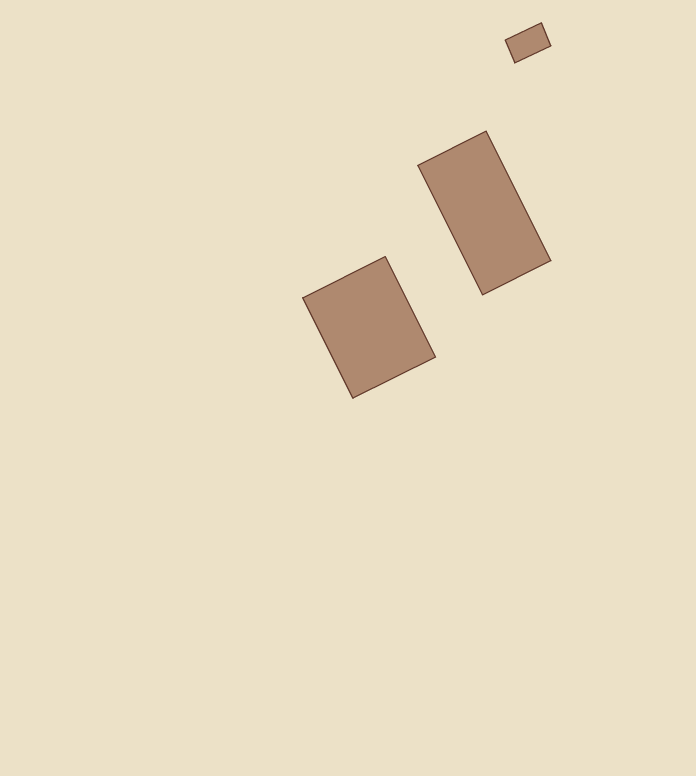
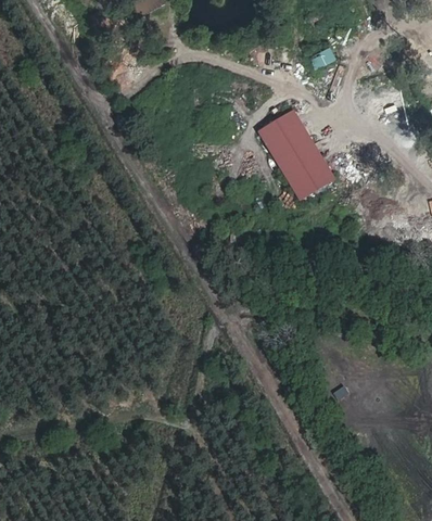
building: [303,257,435,398] -> none

